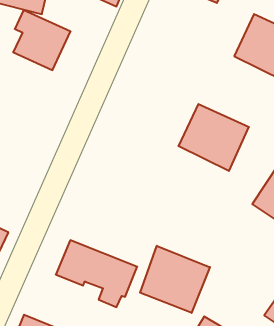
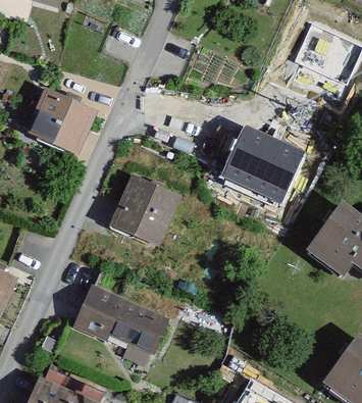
building: [13,10,71,70] -> [31,94,99,165]
building: none -> [107,174,180,247]
building: [140,246,210,313] -> none

